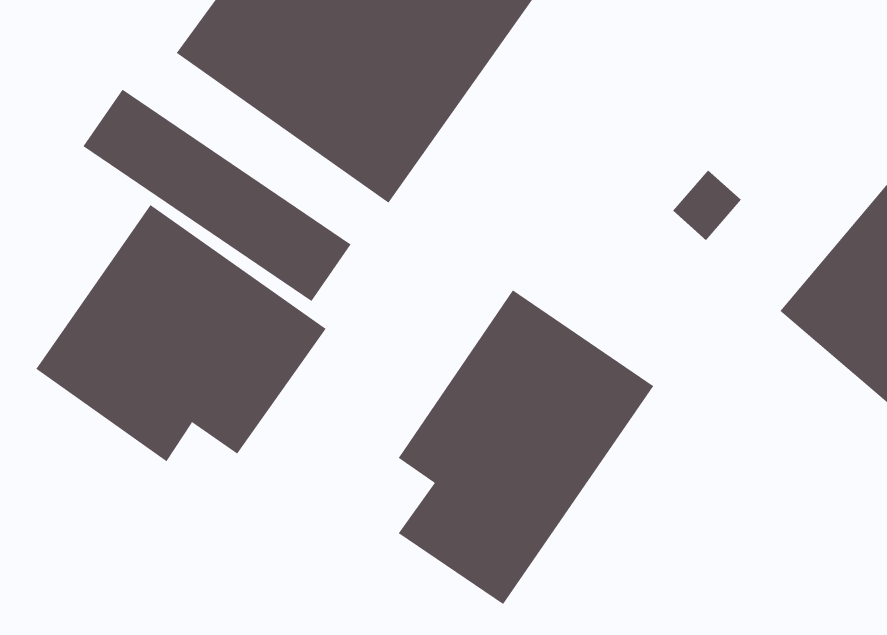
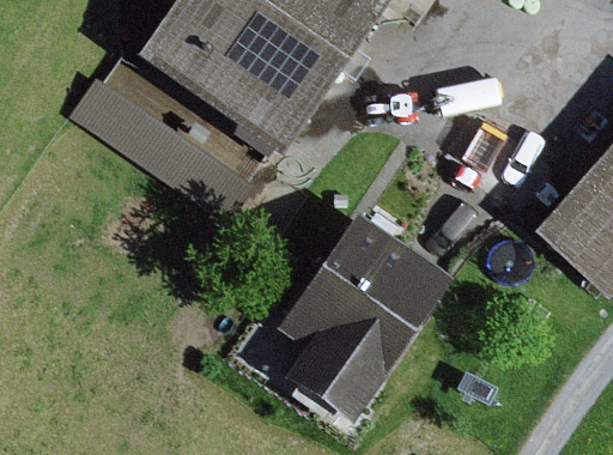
building: [35,204,327,462] -> none

